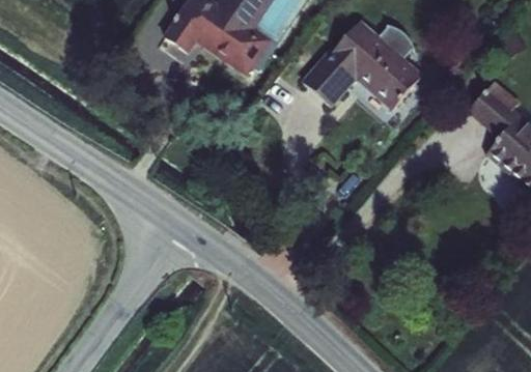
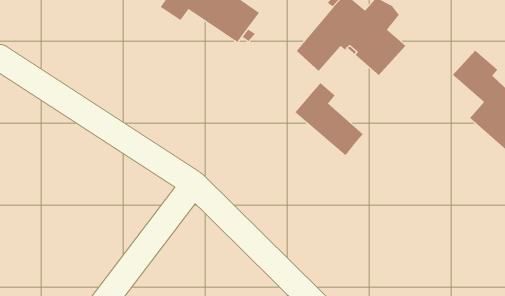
building: none -> [294,82,363,156]

